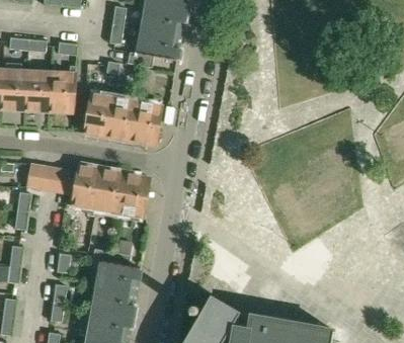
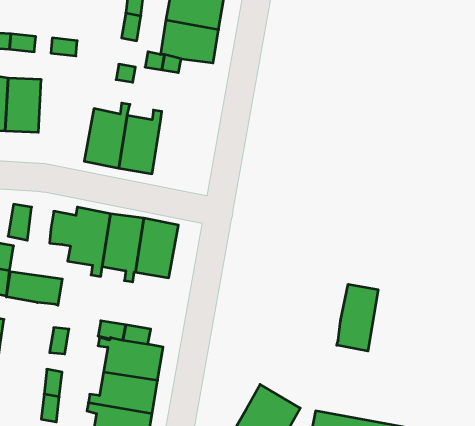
building: [49,66,76,113] -> none
building: [132,103,163,146] -> none
building: none -> [6,272,62,305]
building: none -> [337,284,378,351]

